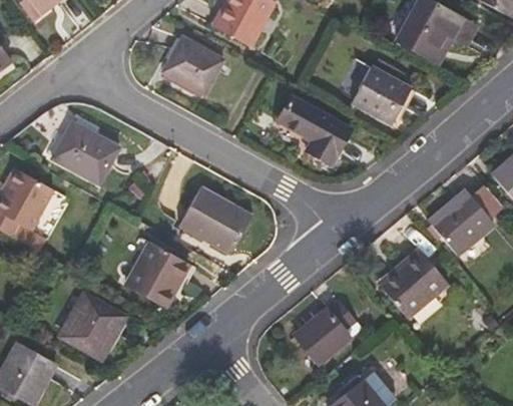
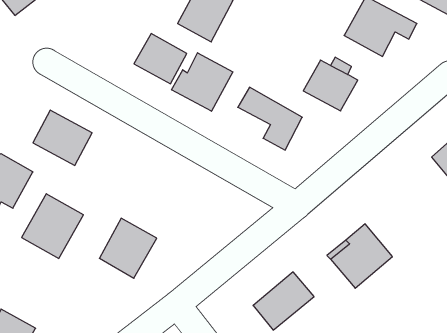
building: none -> [172,53,233,111]
building: [179,186,253,255] -> none
building: [429,189,495,255] -> none
building: [59,291,127,362] -> [22,194,83,258]

